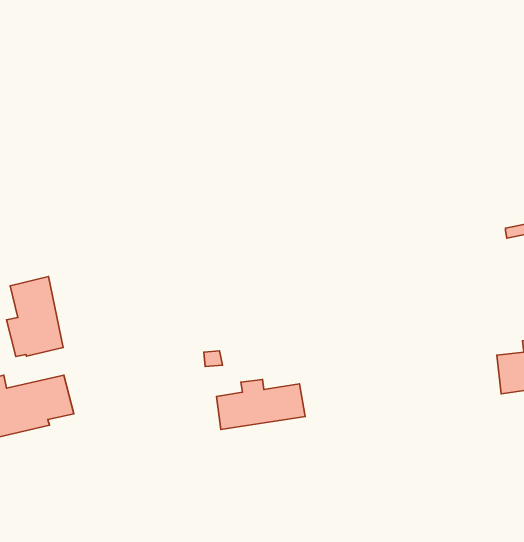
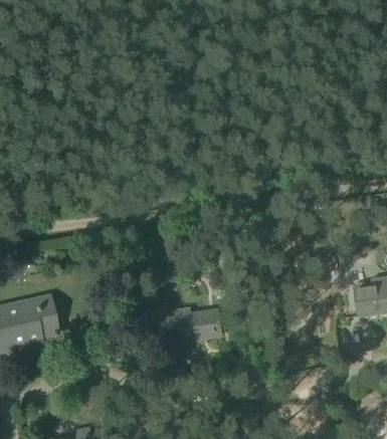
building: [7,277,63,357] -> none

